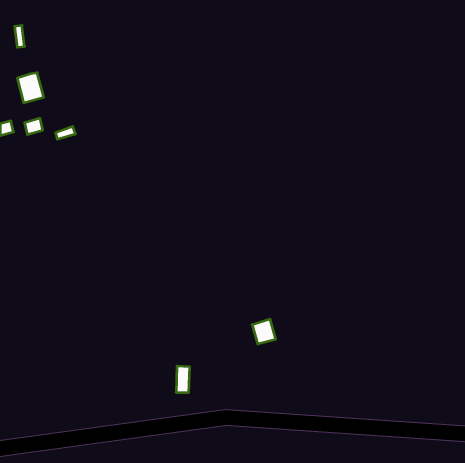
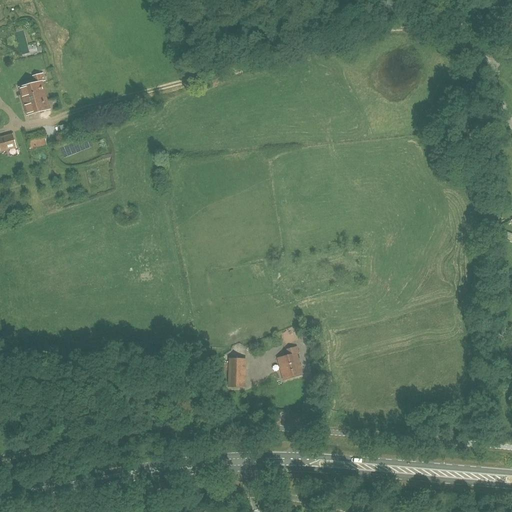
building: [176,366,190,392] -> [229,356,244,385]

